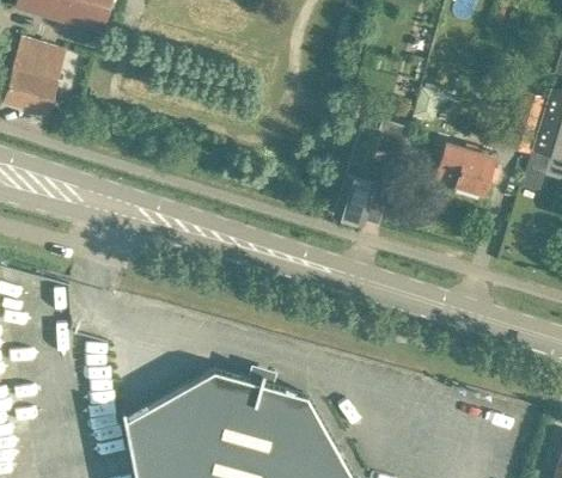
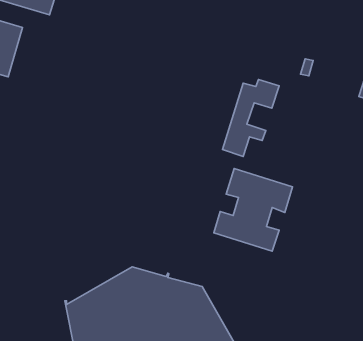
building: [445,151,499,196] -> none
building: none -> [214,169,293,251]

